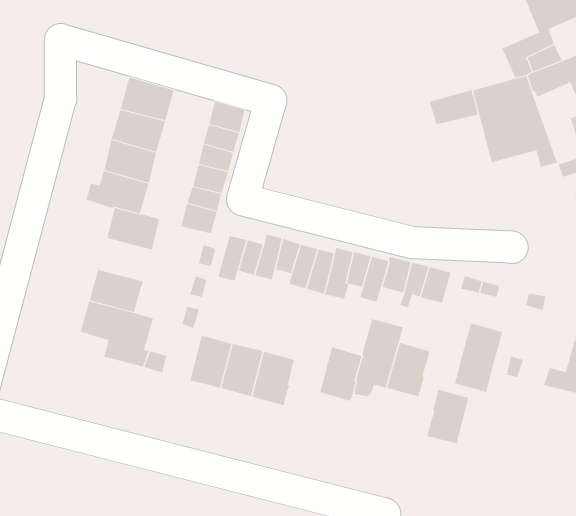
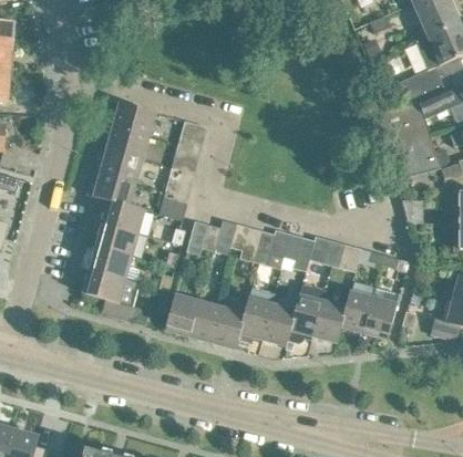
building: [429,89,479,125] -> none
building: none -> [96,222,137,255]
building: none -> [238,285,275,342]
building: [426,389,469,444] -> [340,290,372,331]

